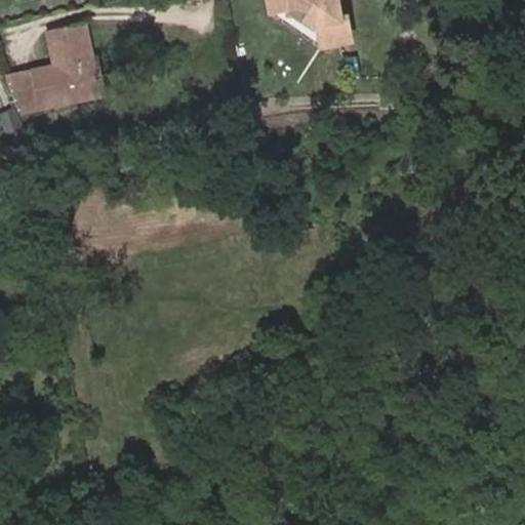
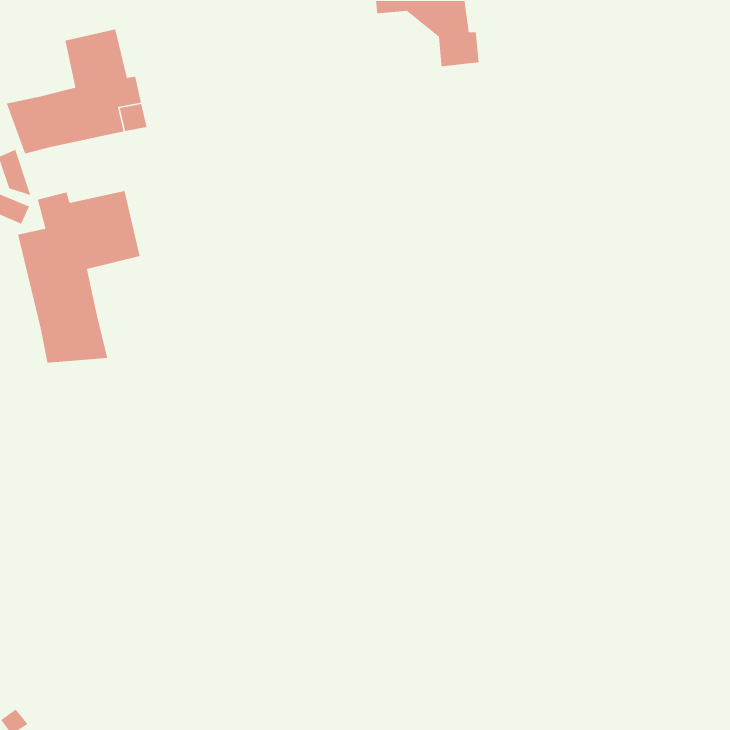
building: none -> [17,190,141,364]

